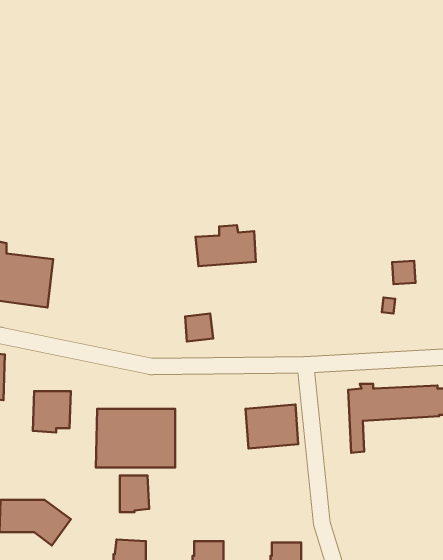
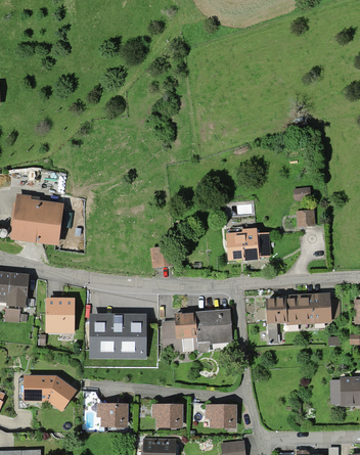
building: [196,225,256,266] -> [226,230,268,259]
building: none -> [162,314,197,353]
building: [120,476,149,512] -> none

